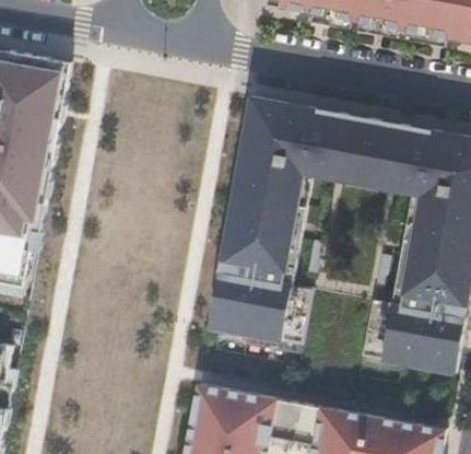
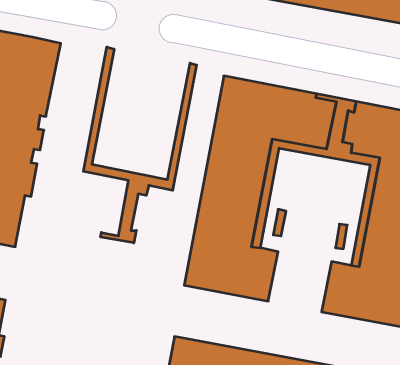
building: none -> [83,47,197,243]

